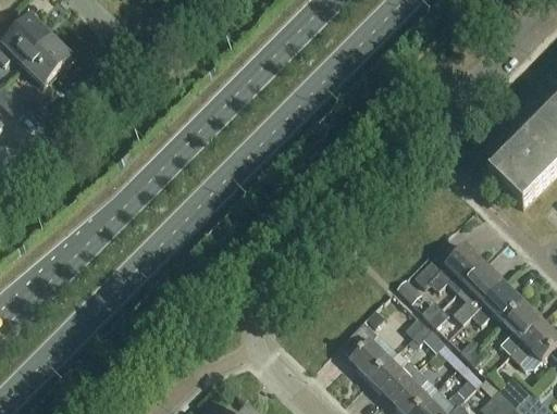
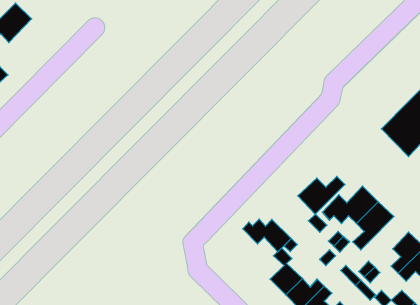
building: [21,33,70,81] -> none
building: none -> [298,176,345,214]
building: [469,279,520,322] -> none
building: none -> [243,219,291,252]

